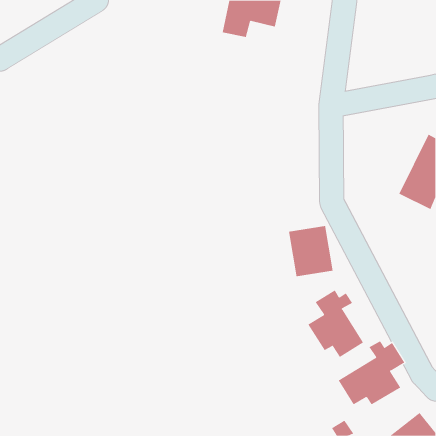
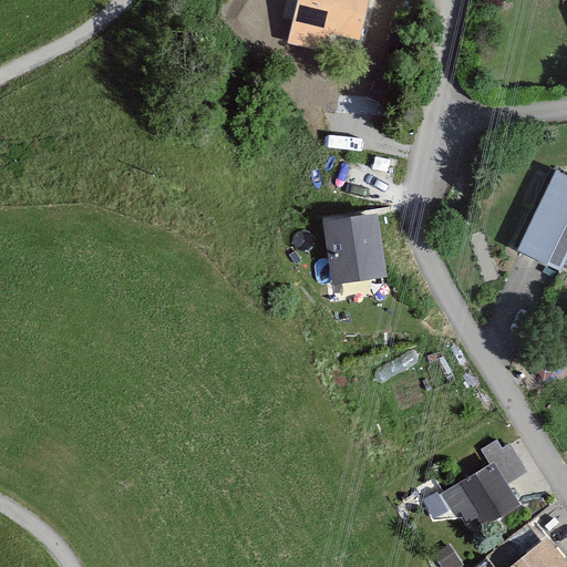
building: [288,225,333,277] -> [326,210,384,277]
building: [307,289,364,358] -> none

